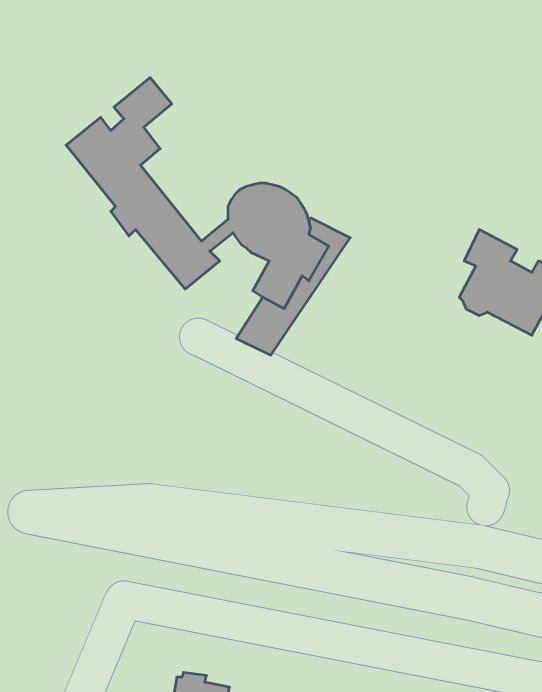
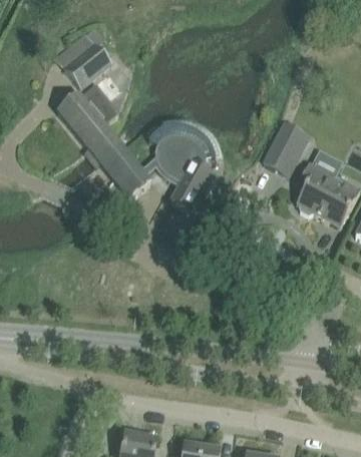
building: none -> [64,39,110,85]
building: none -> [263,119,309,172]

